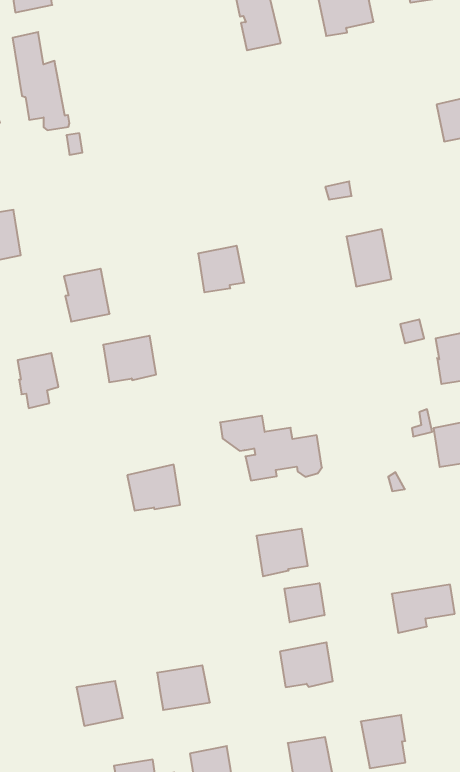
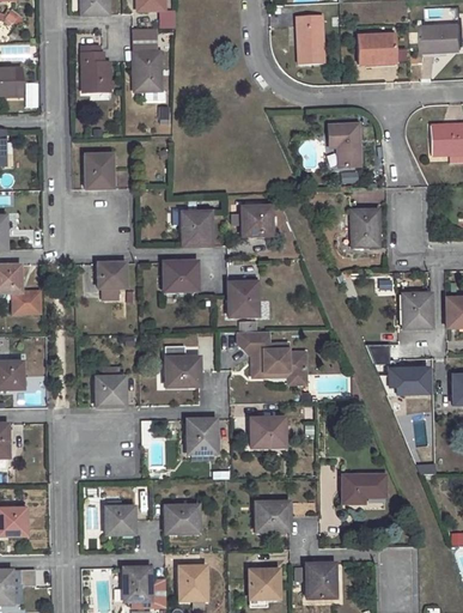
building: none -> [329,123,360,166]
building: [64,269,110,322] -> [182,211,212,245]
building: none -> [229,280,256,315]
building: none -> [95,376,124,406]
building: none -> [187,419,217,453]
building: [284,583,324,622] -> none

